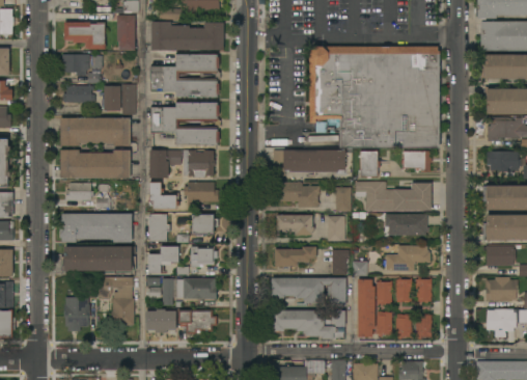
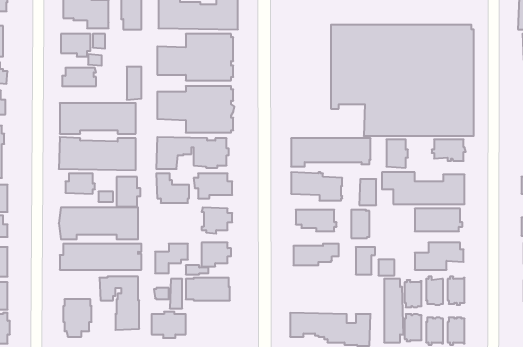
building: [102,86,121,111] -> none
building: [148,215,170,242] -> [117,177,140,206]
building: [272,278,346,306] -> none
building: [178,310,217,335] -> none

